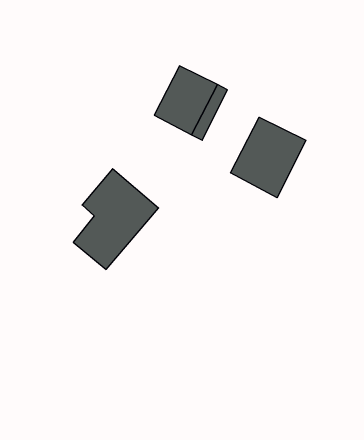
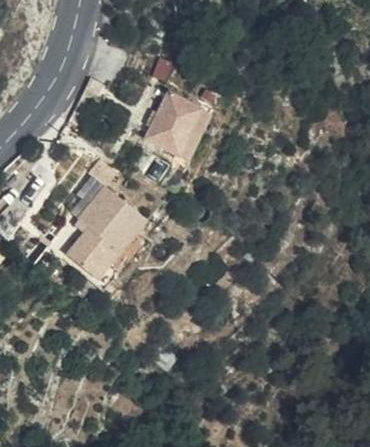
building: [231,117,306,198] -> none

